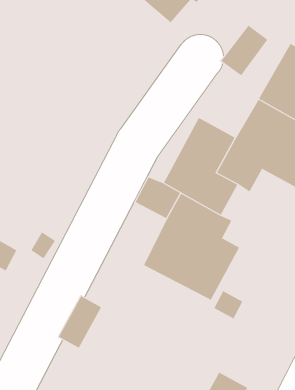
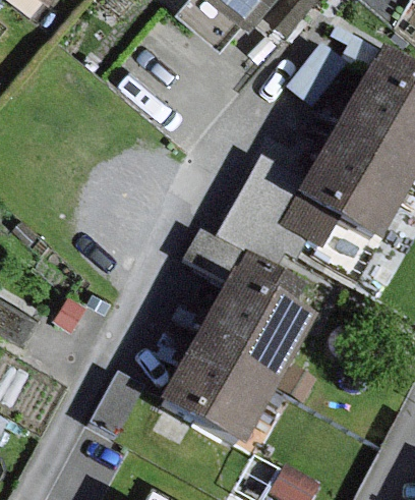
building: none -> [160,335,277,444]

